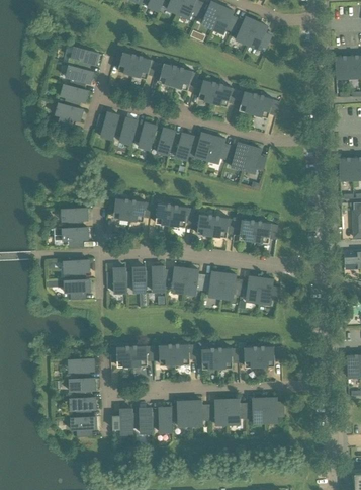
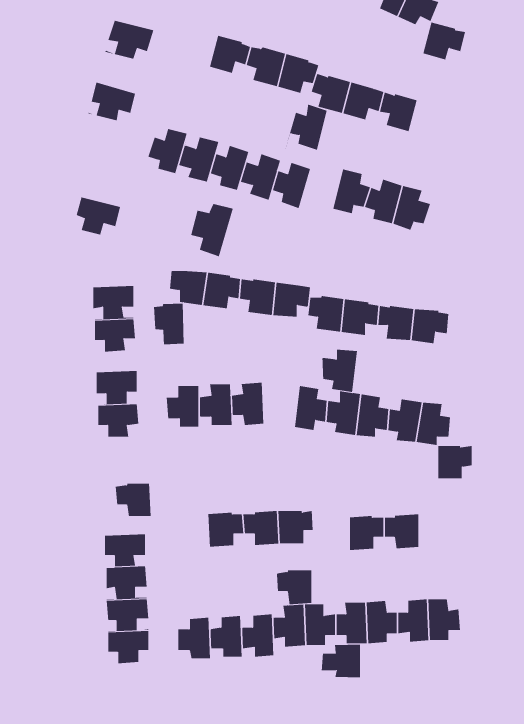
building: [113,51,138,75] -> none
building: [64,66,93,91] -> none
building: [254,95,280,118] -> [423,22,466,60]
building: [56,103,83,127] -> [76,197,121,235]
building: [187,133,213,161] -> [284,104,328,150]
building: none -> [190,203,233,257]
building: none -> [153,303,184,345]
building: [165,266,187,294] -> [321,348,358,393]
building: [195,344,217,370] -> [275,563,312,605]
building: [110,346,132,366] -> [115,483,151,517]
building: [260,346,281,366] -> [437,445,472,479]
building: none -> [321,644,360,678]

